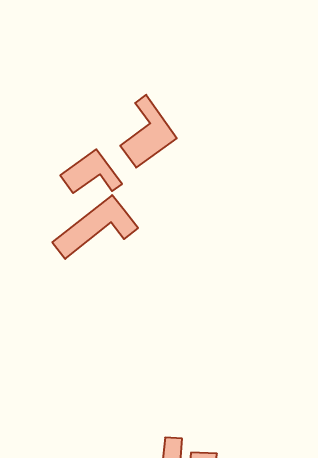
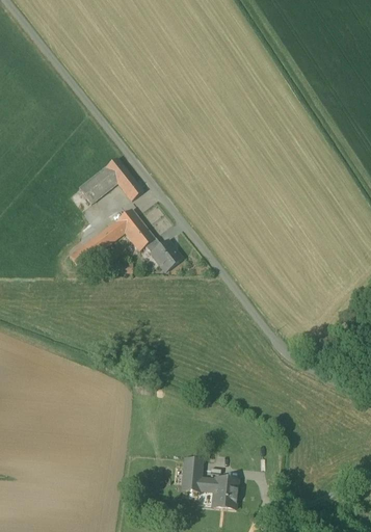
building: [120,95,177,168] -> none
building: none -> [150,239,183,274]

